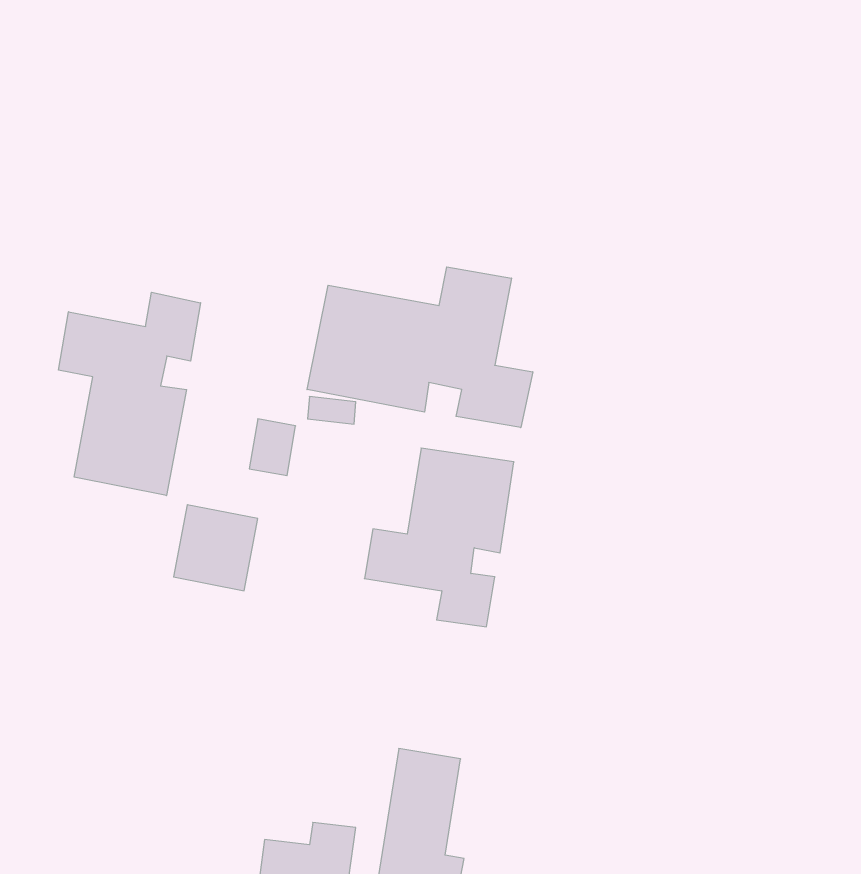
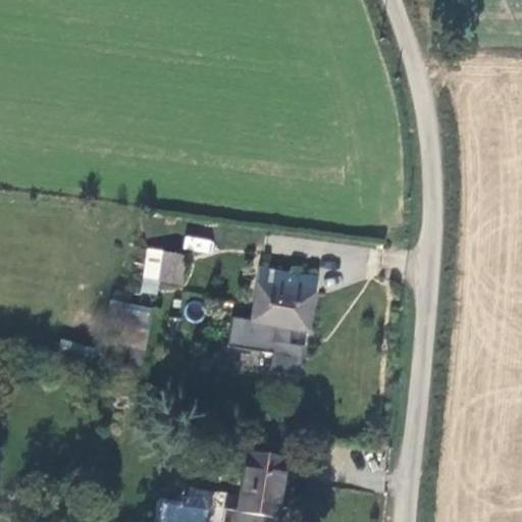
building: [307,267,533,428] -> none
building: [59,292,201,496] -> none

